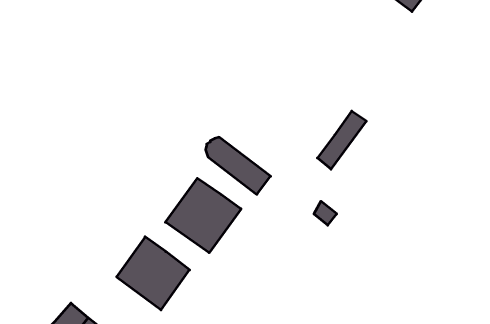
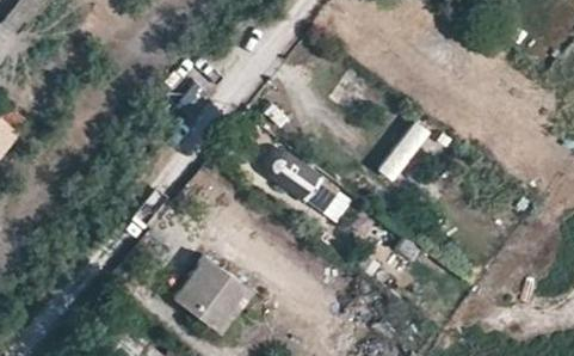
building: [165,178,241,253] -> none

